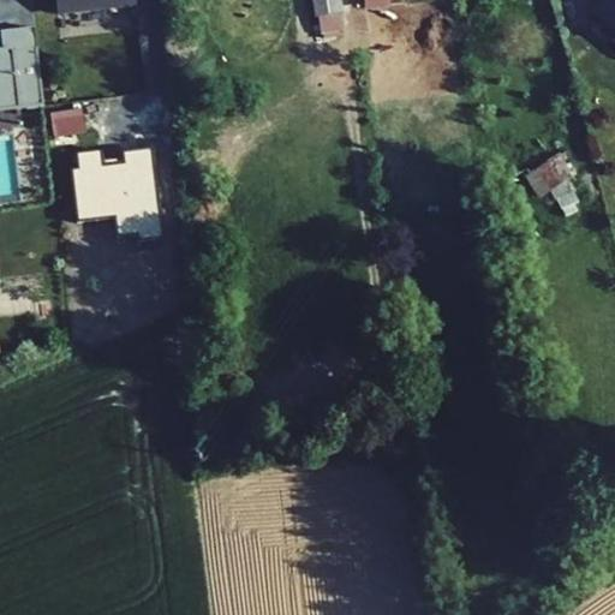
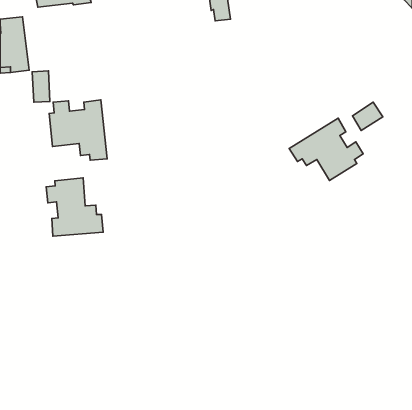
building: none -> [289,118,363,181]
building: none -> [46,178,103,236]

